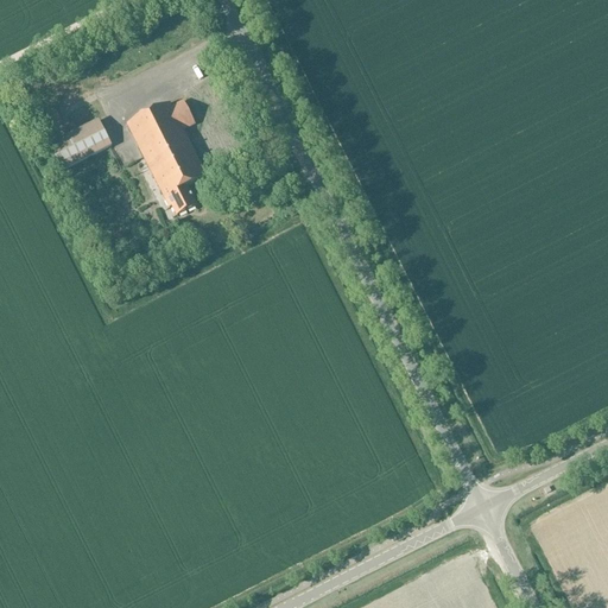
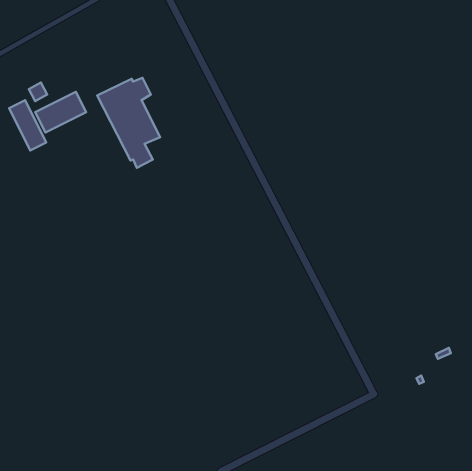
building: none -> [9,100,46,151]

